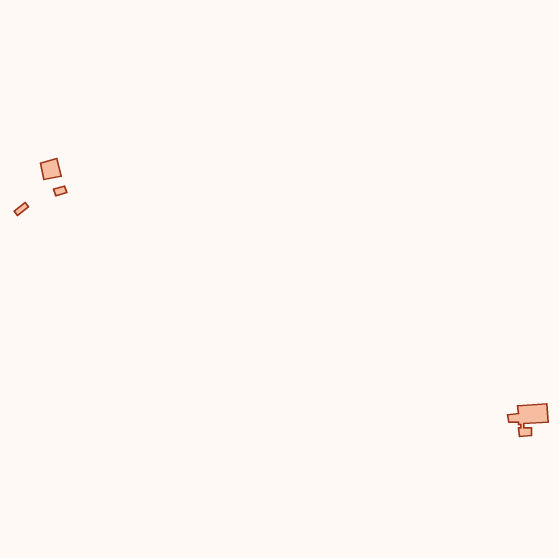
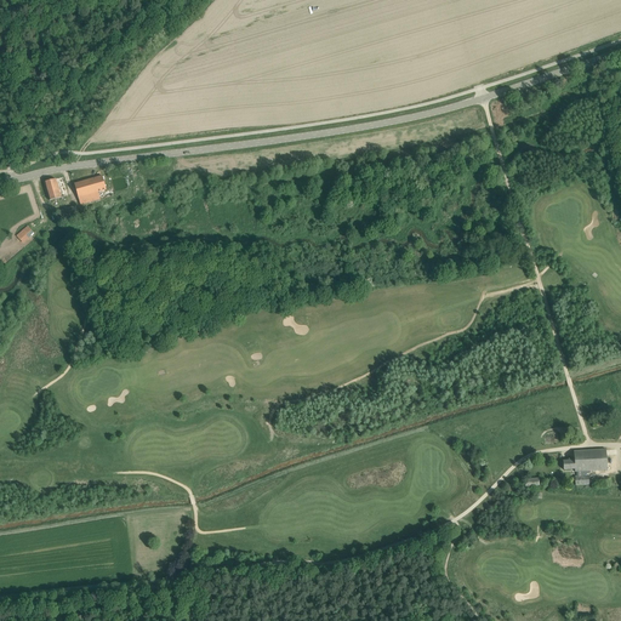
building: none -> [75,175,107,204]

